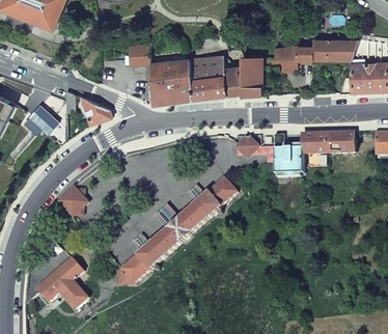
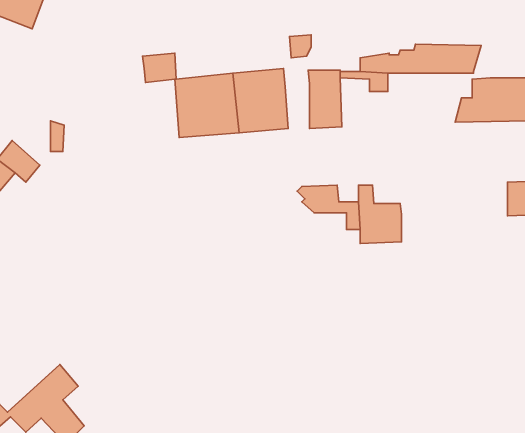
building: [224,66,241,96] -> none
building: [80,96,111,124] -> none
building: [302,133,361,155] -> none
building: [119,176,238,284] -> none
building: [58,188,86,217] -> none

